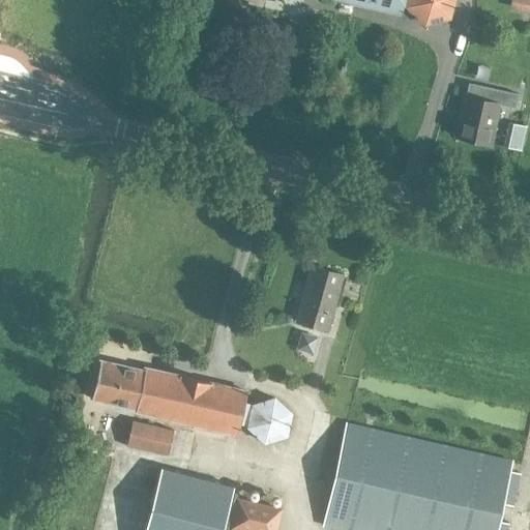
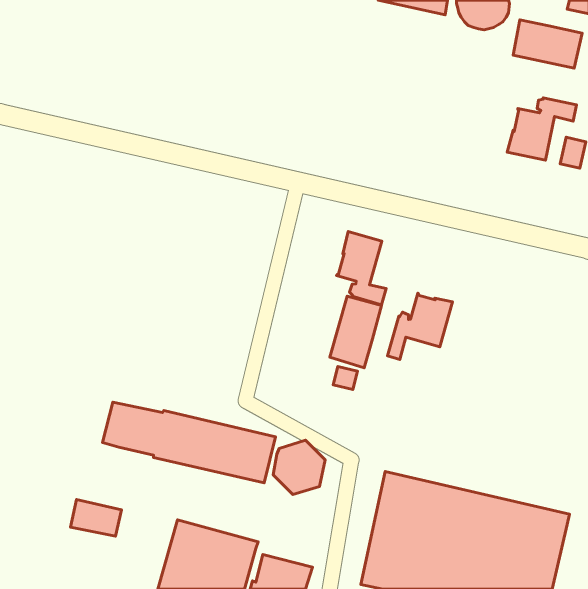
building: none -> [513,20,582,68]
building: none -> [337,232,386,305]
building: none -> [387,293,452,359]
building: [127,421,173,454] -> [71,499,121,536]

